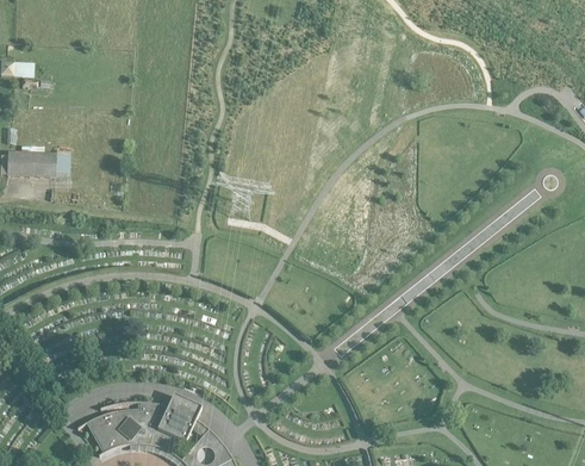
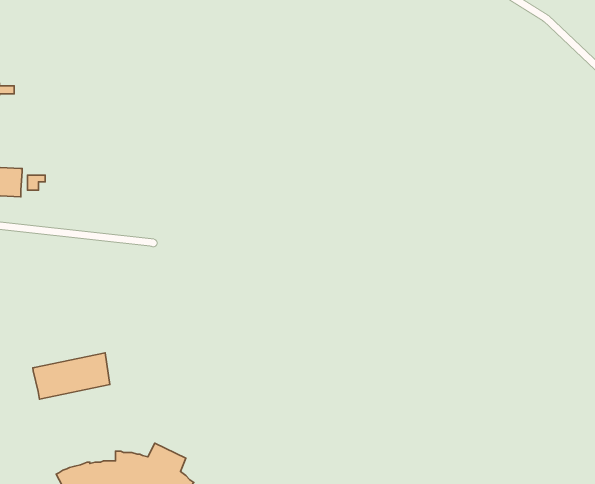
building: none -> [33,353,110,399]

